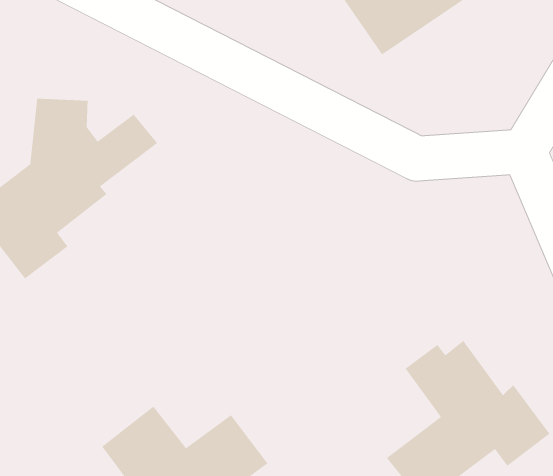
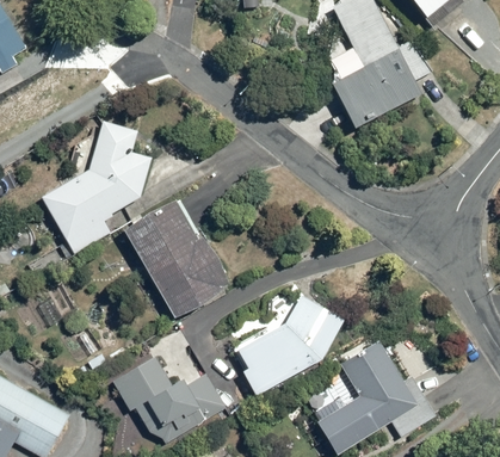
building: none -> [123,196,230,320]
building: none -> [237,294,342,396]

